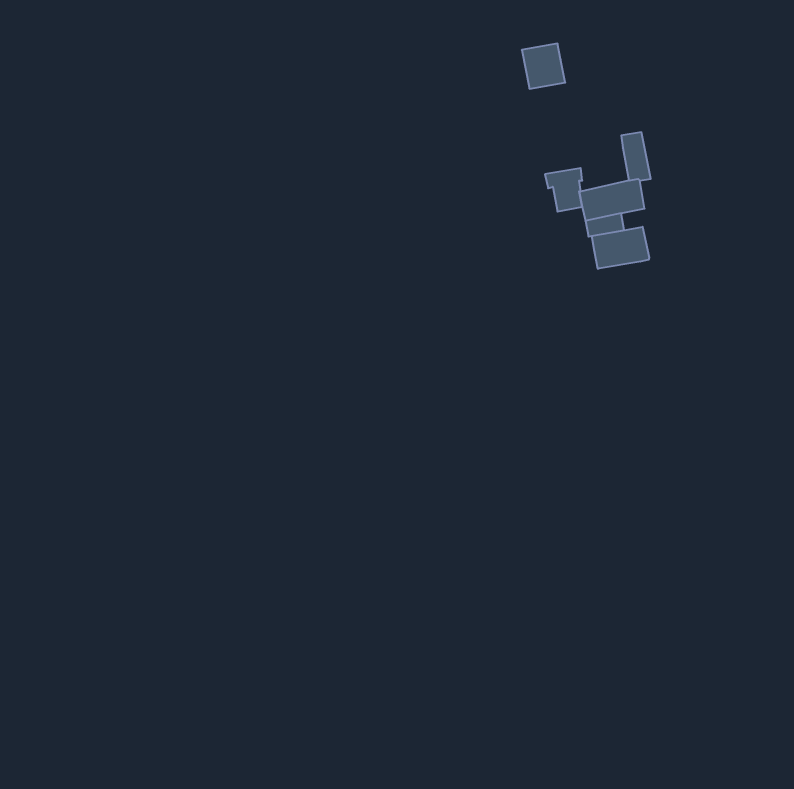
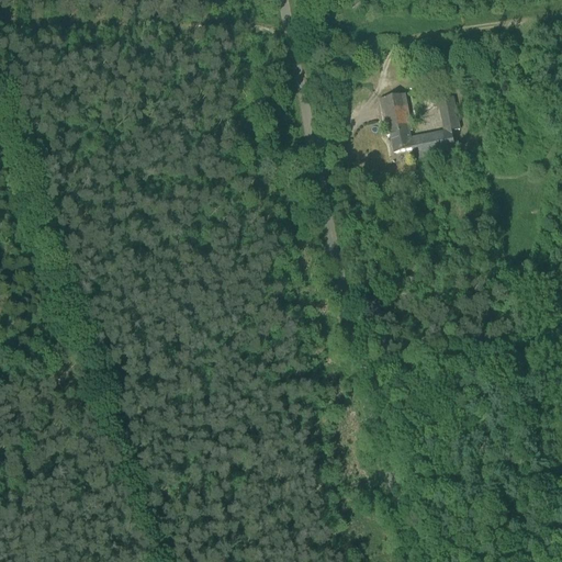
building: [522,44,565,89] -> [379,91,409,123]
building: [592,227,649,269] -> none

